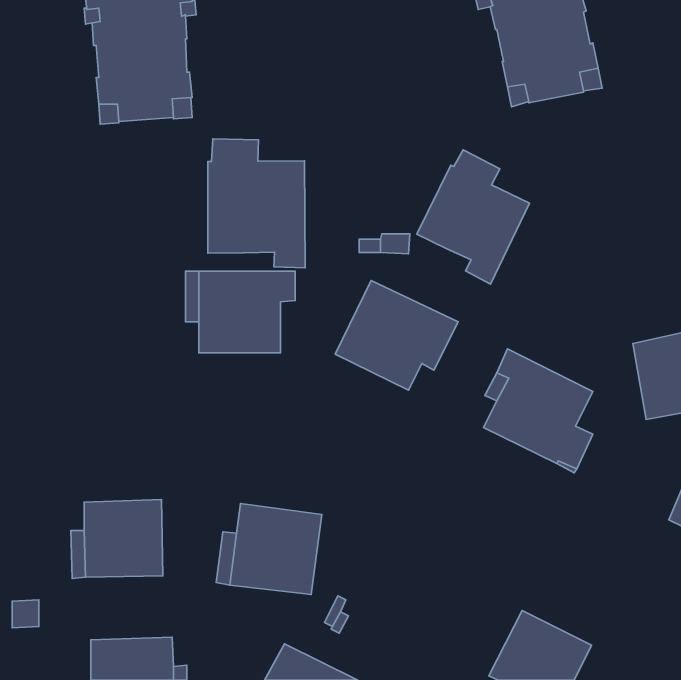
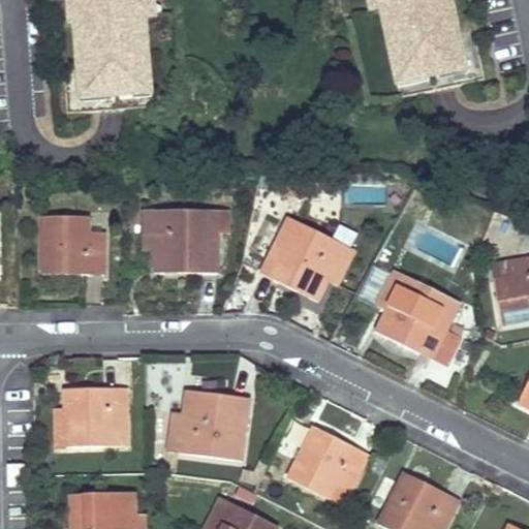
building: [208,139,305,268] -> none
building: [417,150,529,284] -> none
building: none -> [43,216,103,275]
building: none -> [288,426,369,506]

